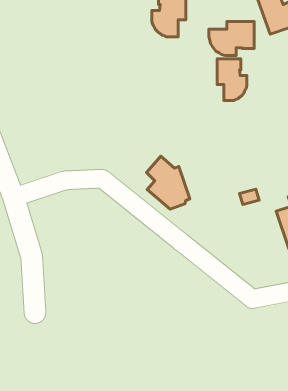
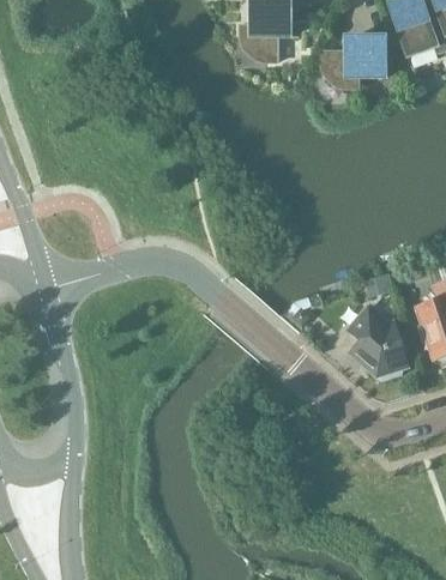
building: [217,59,247,100] -> none
building: [146,156,190,209] -> [349,303,410,377]

